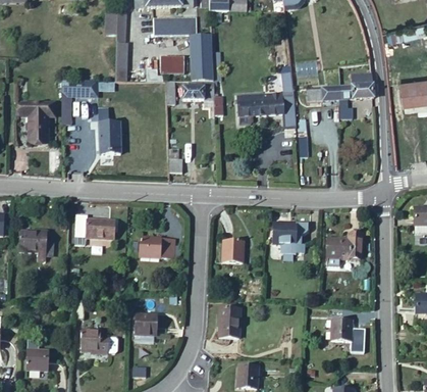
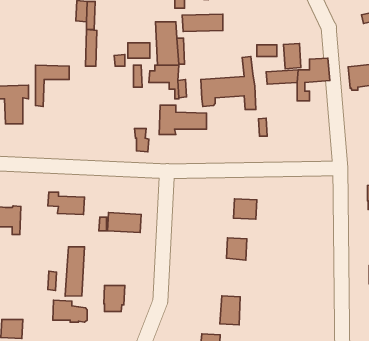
building: [153,17,196,36] -> [182,14,223,31]
building: none -> [284,44,301,69]
building: [100,116,120,154] -> none
building: none -> [159,105,207,135]
building: [325,234,361,266] -> none
building: [222,240,244,263] -> [227,238,247,260]
building: none -> [65,247,85,296]
building: [218,307,239,338] -> [220,296,240,325]
building: [330,318,360,352] -> none

